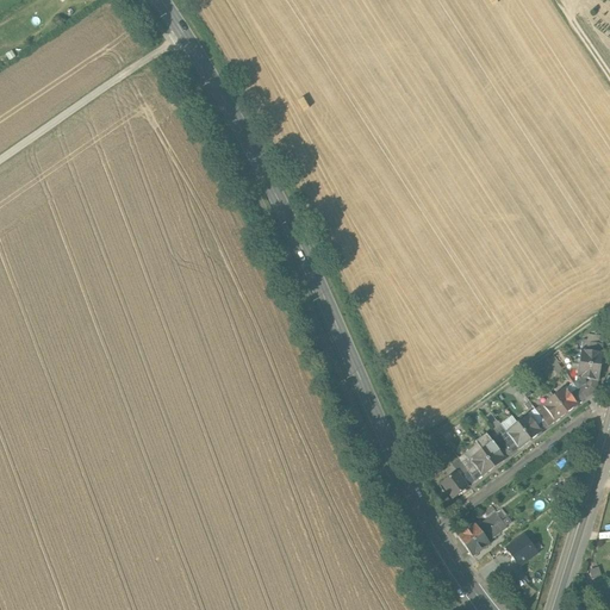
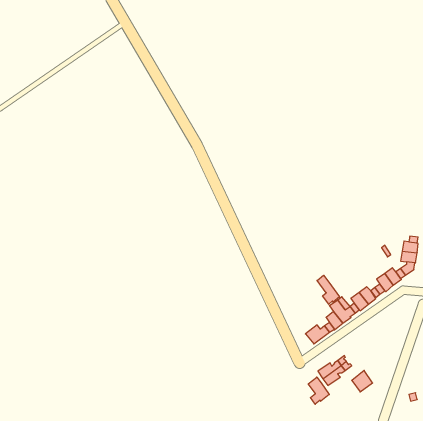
building: none -> [317,275,339,304]
building: none -> [308,377,329,404]

